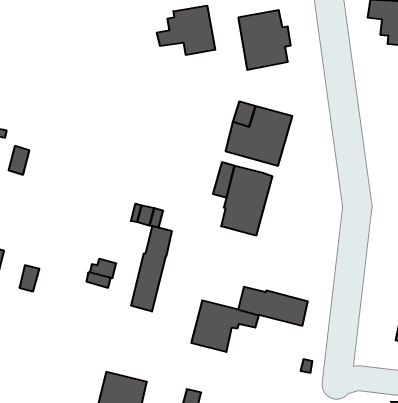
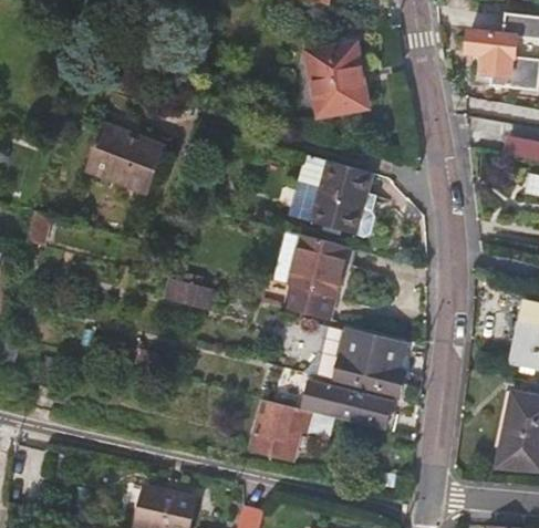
building: [157,6,215,55] -> none
building: none -> [85,123,165,191]
building: [131,226,172,312] -> none
building: none -> [302,323,413,397]

